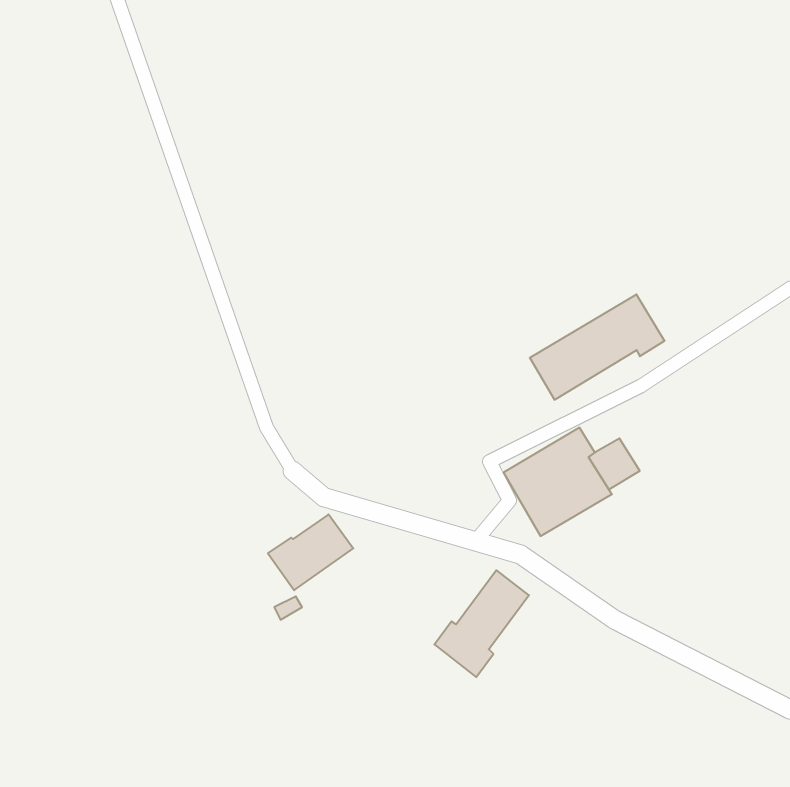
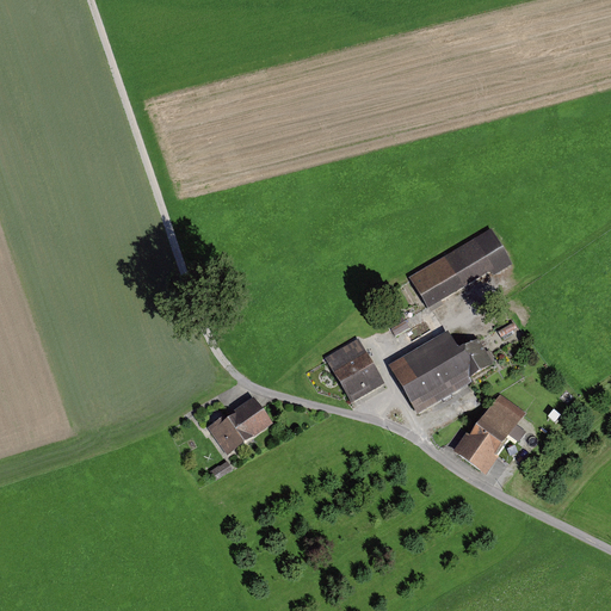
building: none -> [325,337,384,401]
building: [434,570,529,677] -> [452,393,525,475]

